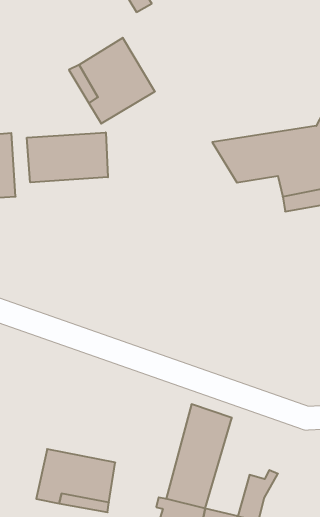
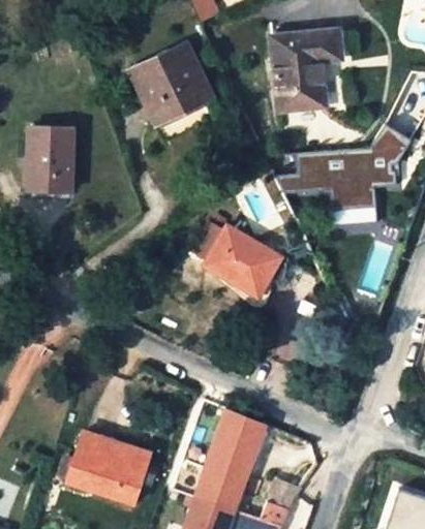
building: none -> [272,27,339,108]
building: [27,132,108,182] -> none
building: none -> [207,225,285,299]

